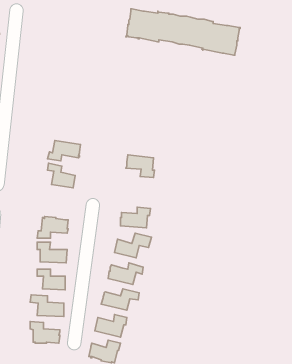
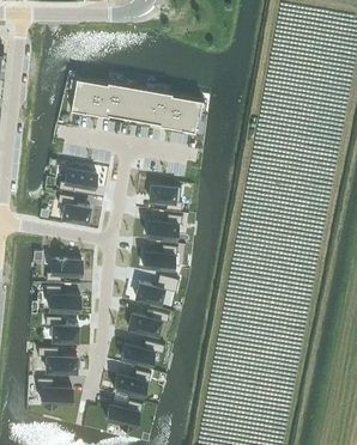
building: [126,9,240,55] -> [69,79,202,133]
building: none -> [145,215,182,239]

